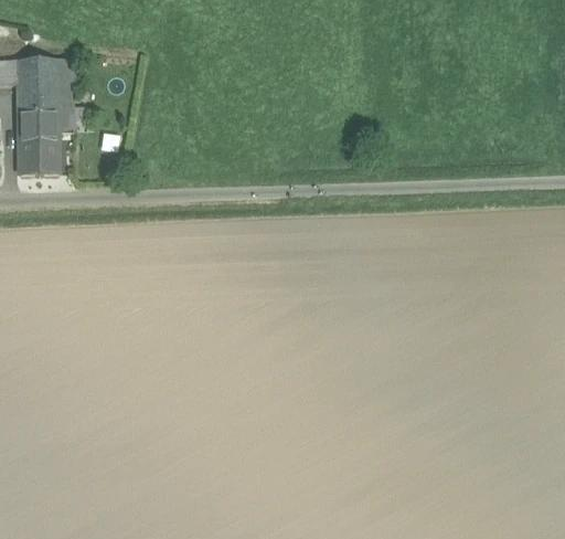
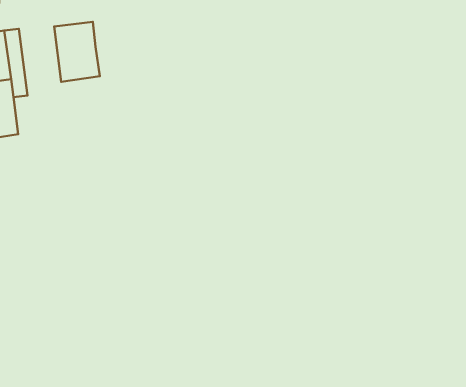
building: none -> [54,22,100,82]

